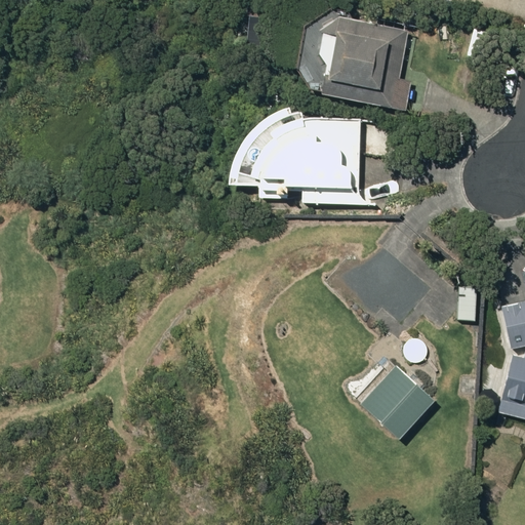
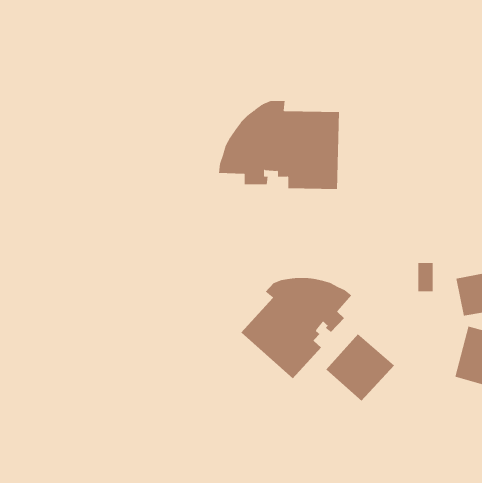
building: [333,21,420,113] -> none
building: none -> [241,277,352,379]

